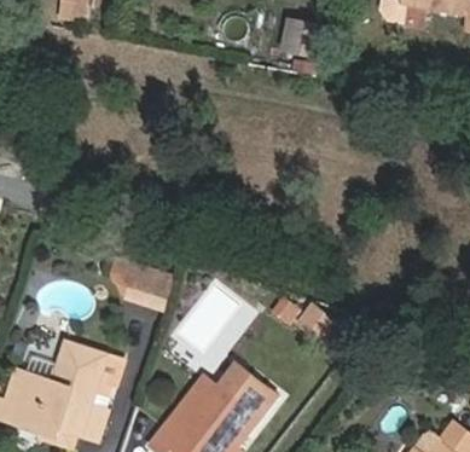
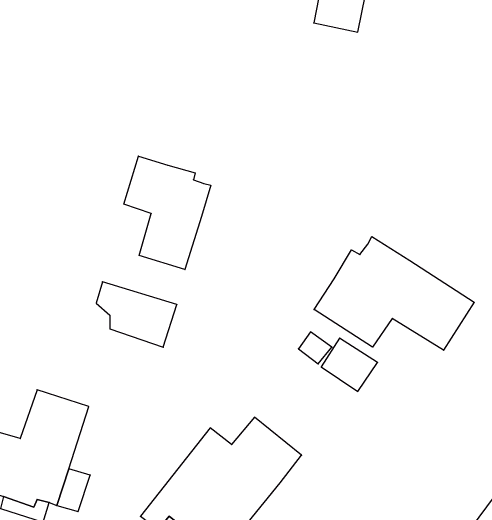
building: none -> [124,156,211,270]
building: none -> [314,237,474,350]

